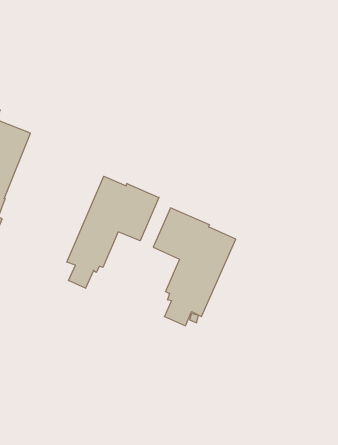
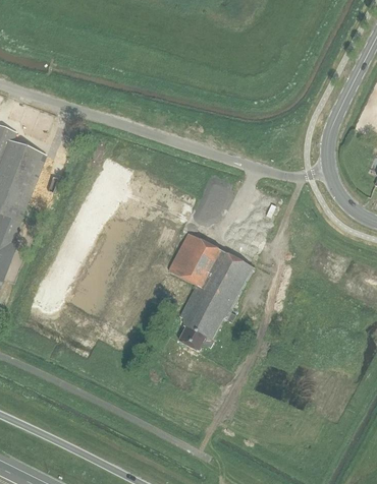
building: [67,176,159,288] -> none

